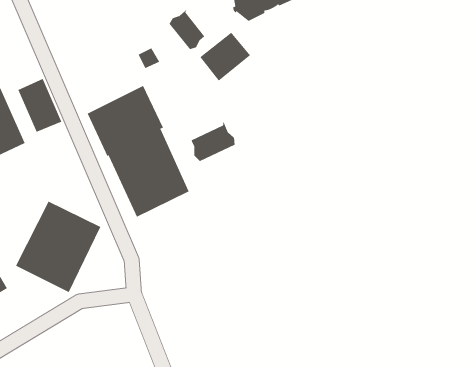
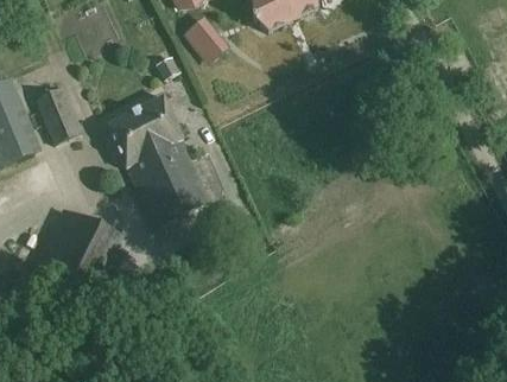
building: [199,32,251,82] -> none
building: [189,121,235,162] -> none

